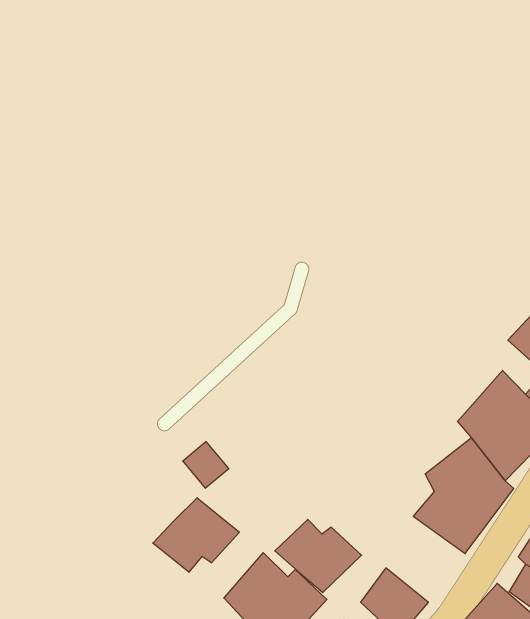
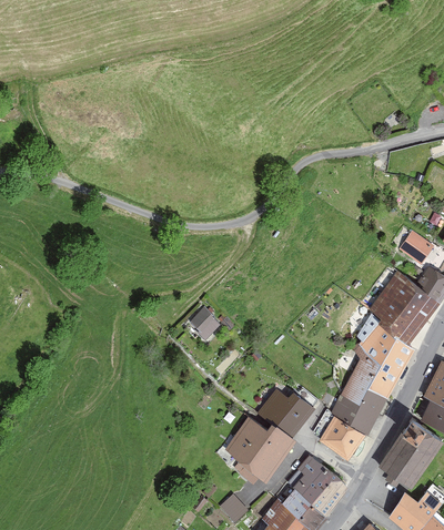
building: [183,442,229,488] -> [189,307,221,339]
building: [153,498,239,572] -> none
building: none -> [330,378,386,437]

